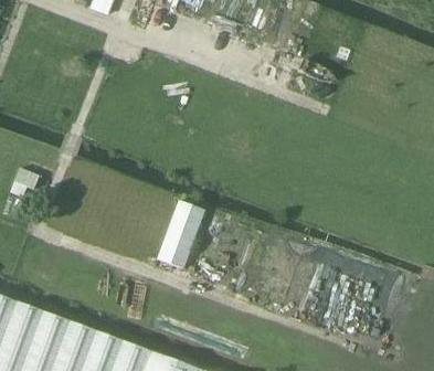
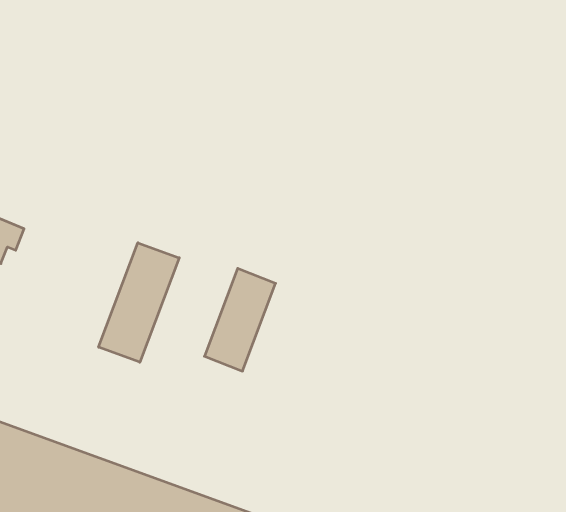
building: none -> [99,243,179,362]

